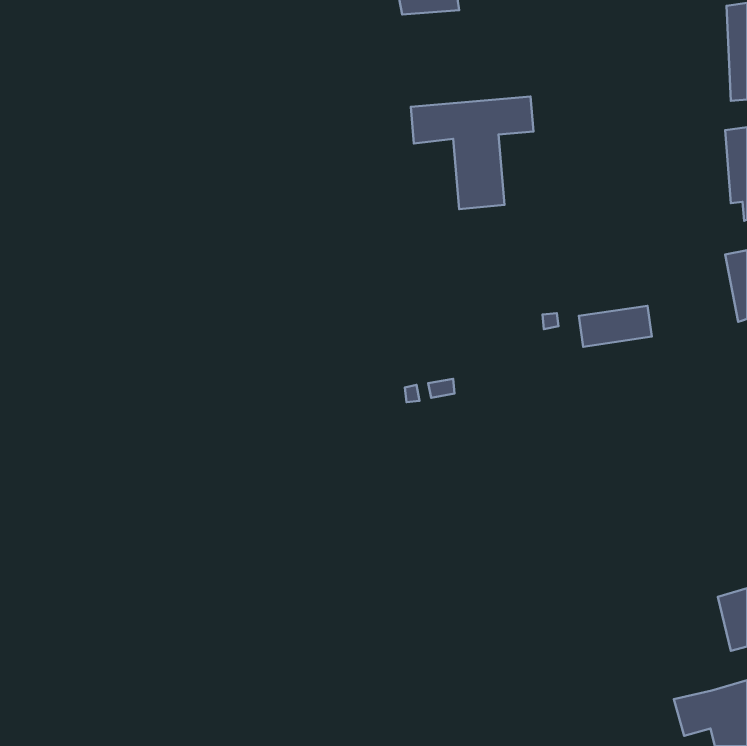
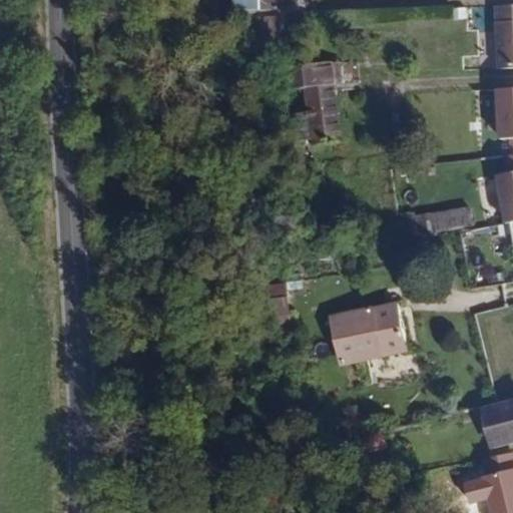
building: none -> [336,299,413,358]

